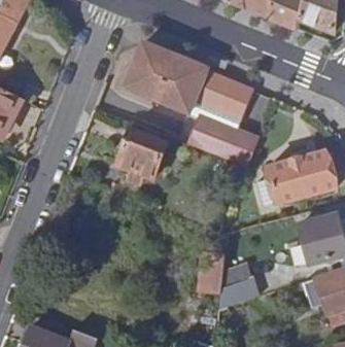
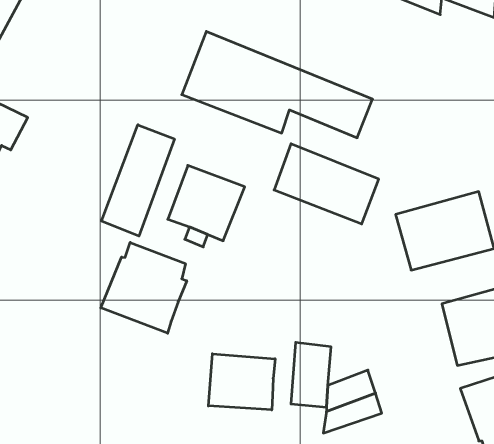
building: none -> [102,125,174,236]
building: none -> [101,242,187,333]
building: none -> [208,354,275,410]

